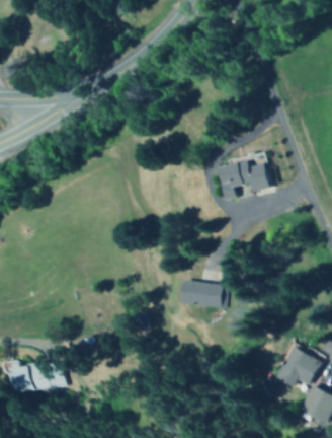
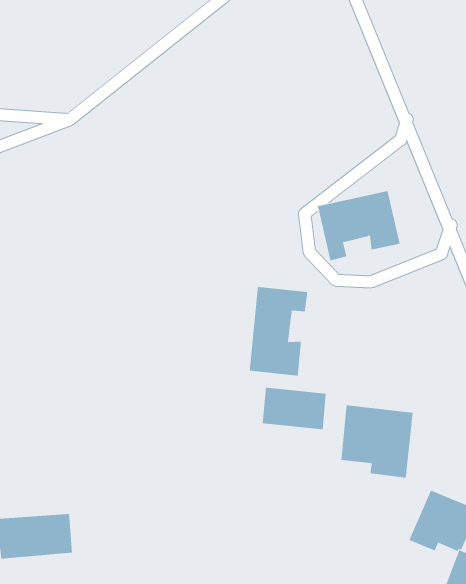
building: none -> [249,286,308,377]
building: none -> [341,404,413,478]

